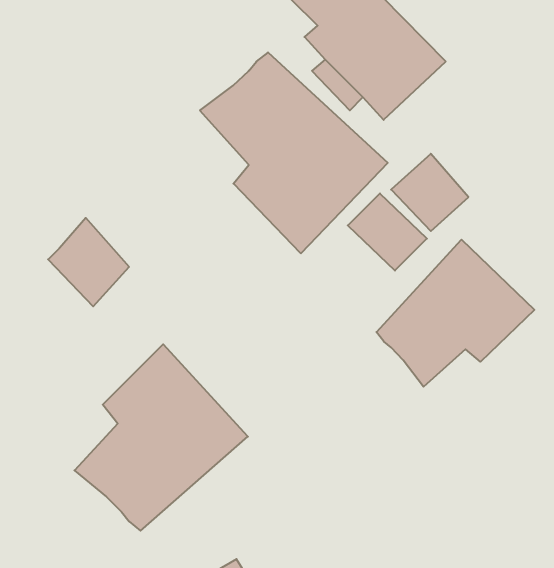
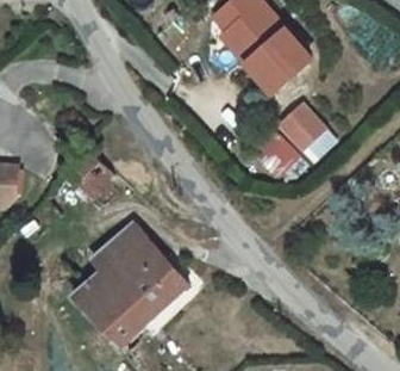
building: [200,52,388,253] -> none
building: [376,240,534,387] -> none

